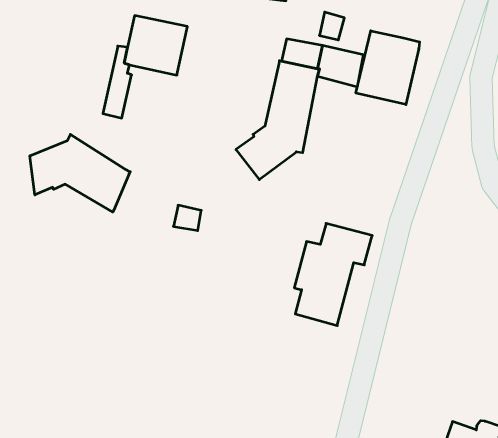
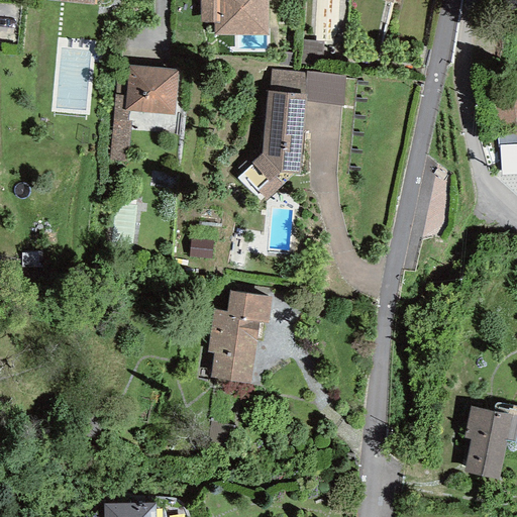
building: [356,31,420,105] -> none
building: [30,134,130,212] -> none
building: [294,223,372,326] -> [207,289,274,383]

